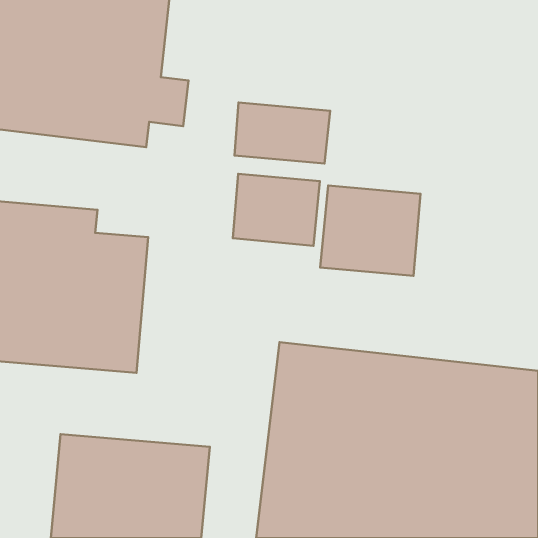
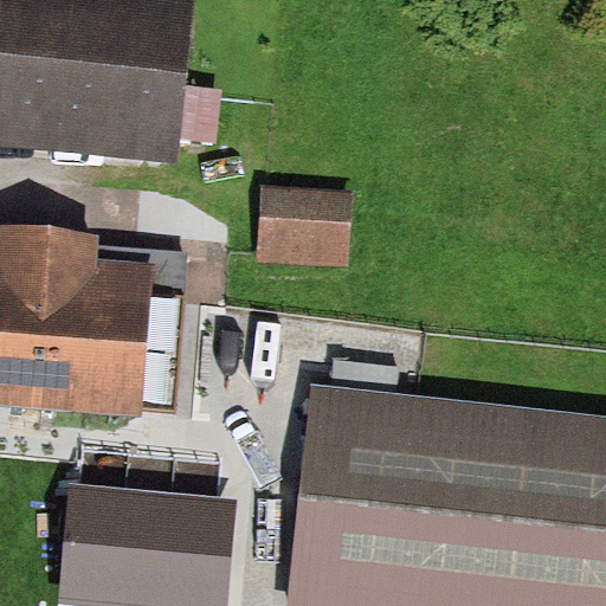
building: [234,103,330,163] -> none
building: [320,185,421,276] -> none

